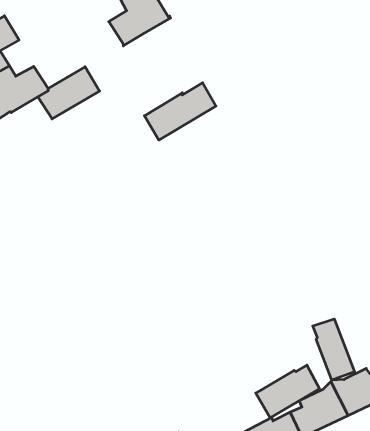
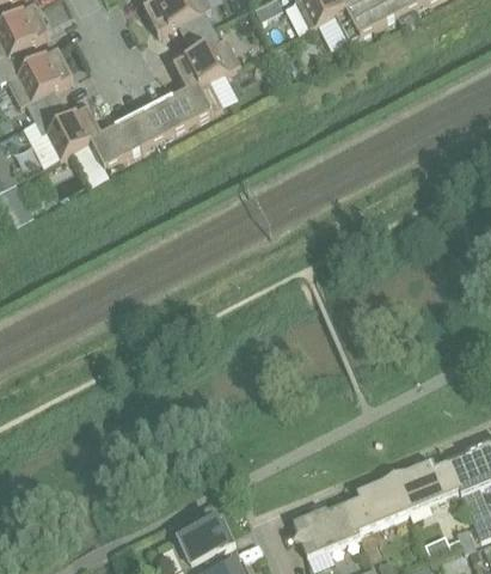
building: [144,83,216,140] -> [142,79,221,139]
building: [313,319,355,380] -> none
building: [256,365,319,418] -> none

